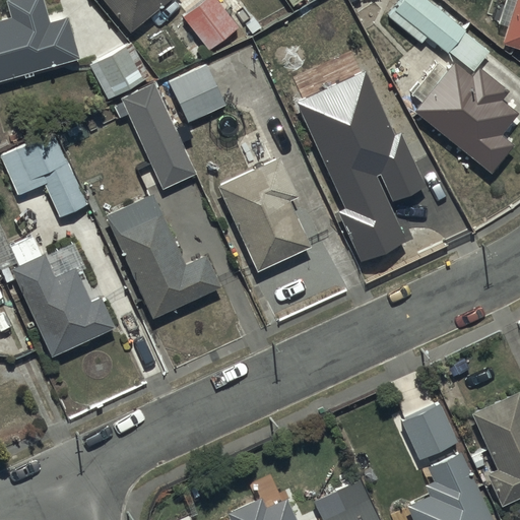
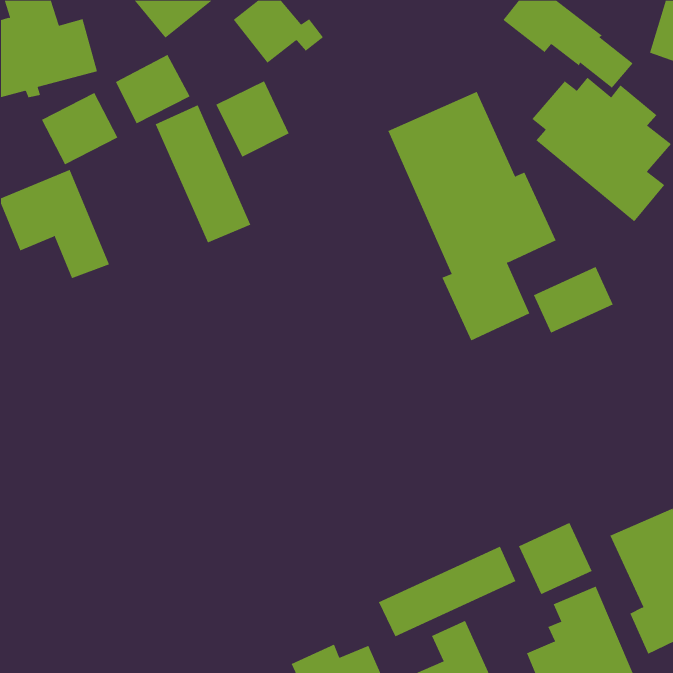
building: none -> [41,92,118,165]
building: [217,157,310,271] -> none
building: [105,193,218,317] -> none
building: none -> [533,266,613,333]
building: [10,236,115,356] -> none
building: none -> [378,546,516,637]

